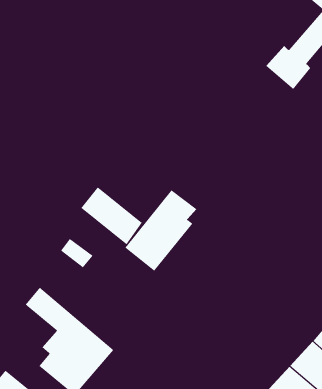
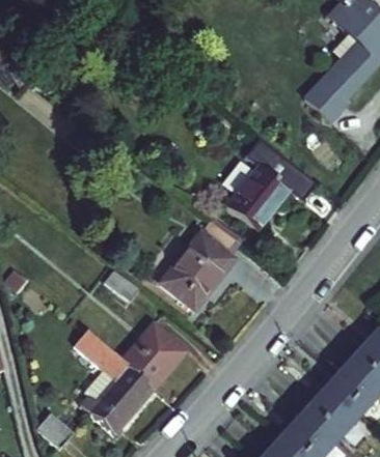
building: none -> [225,146,316,230]
building: [81,187,143,245] -> none
building: none -> [116,317,183,384]

